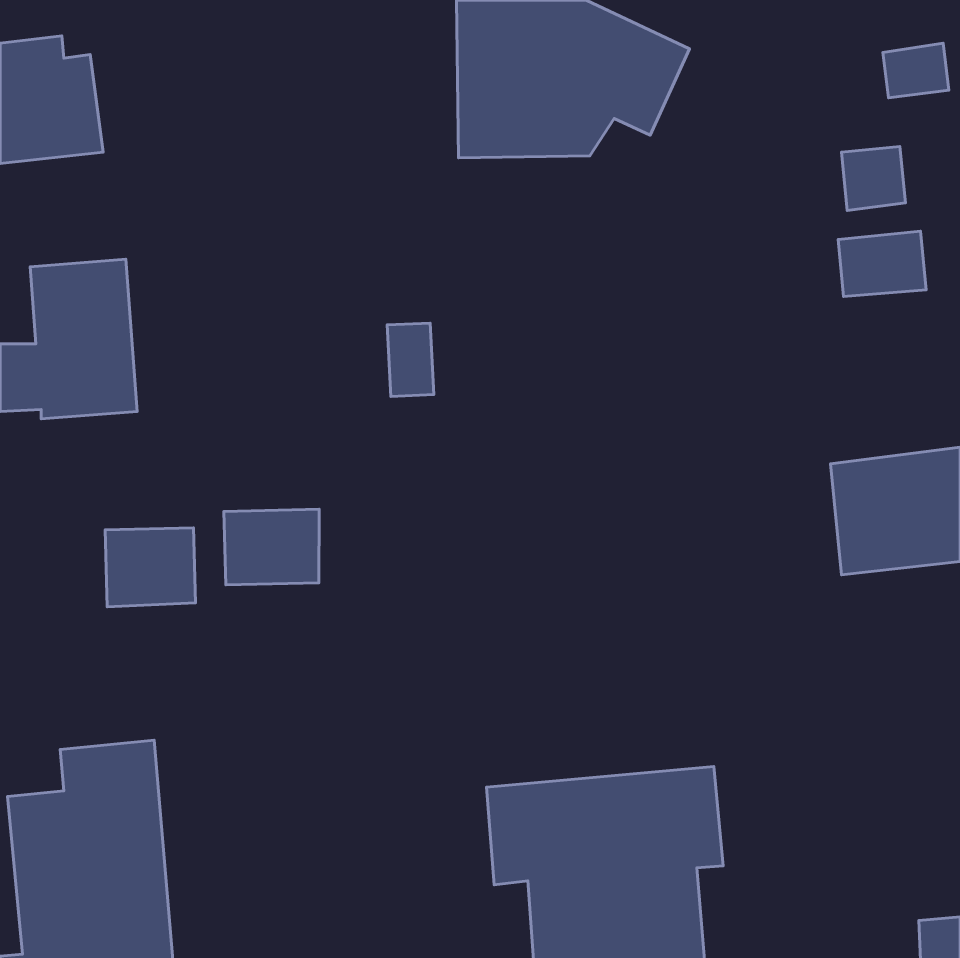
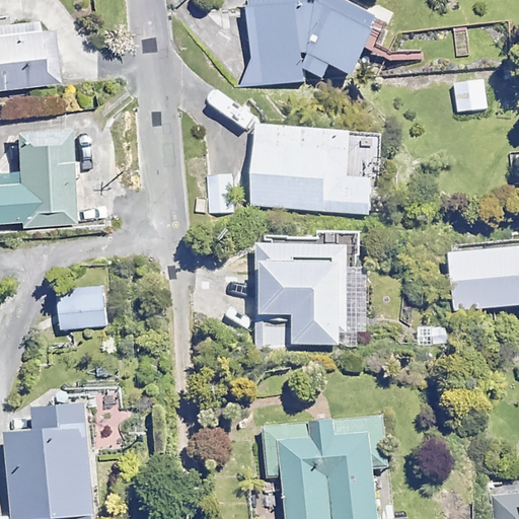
building: none -> [237,124,386,216]
building: [838,231,926,297] -> none
building: none -> [255,230,365,345]
building: [224,509,319,585] -> none

